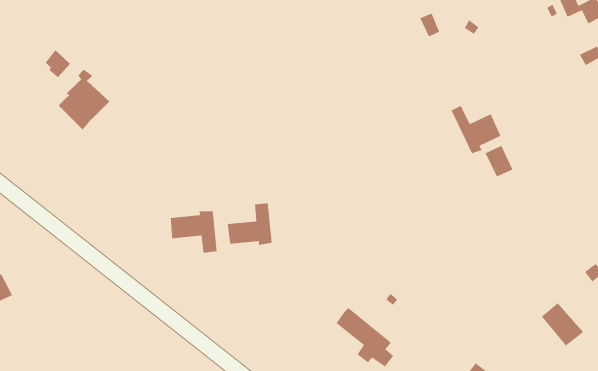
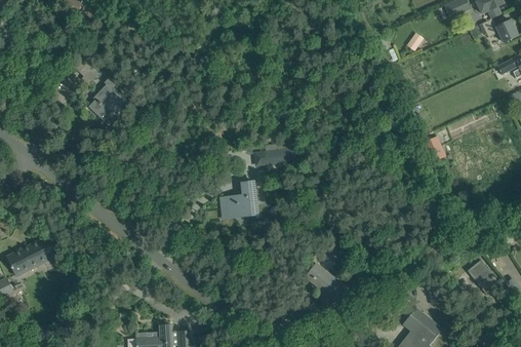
building: [451,105,501,154] -> none
building: none -> [265,147,295,163]
building: [170,210,217,253] -> none

